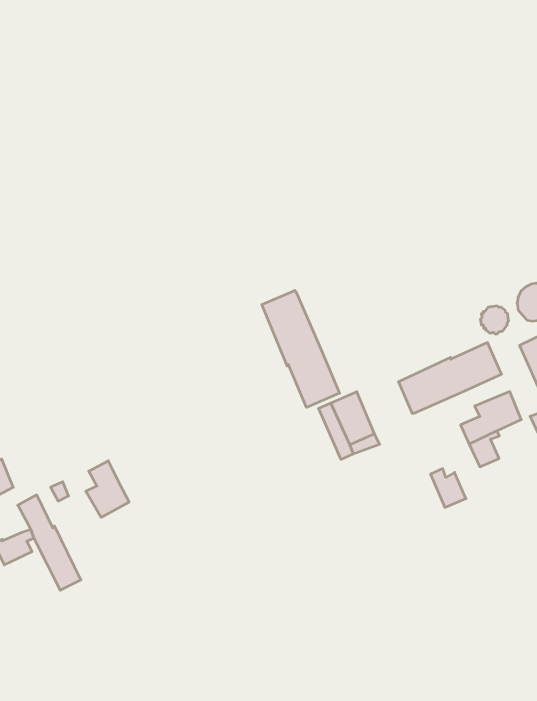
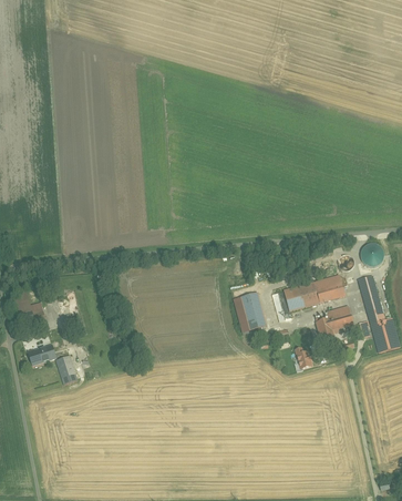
building: [262,290,340,407] -> none
building: [86,461,129,517] -> none

